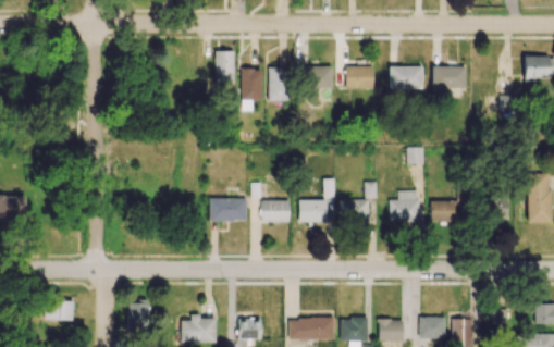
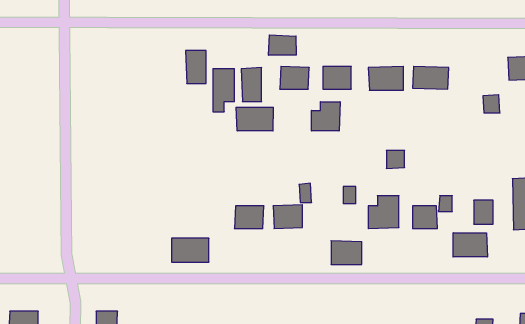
building: none -> [269,35,296,55]
building: none -> [312,102,340,131]
building: none -> [236,107,273,131]
building: [210,198,246,221] -> [172,238,209,262]
building: [340,199,369,222] -> [331,241,362,264]
building: none -> [453,233,487,257]

